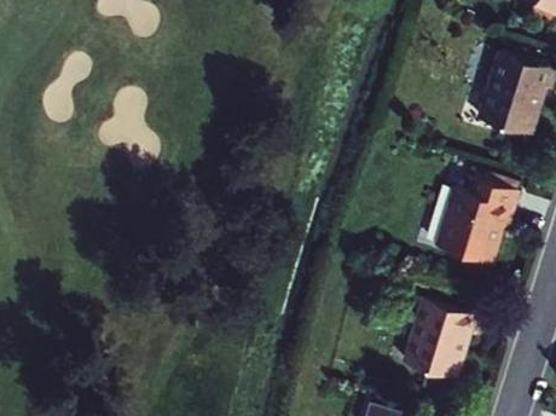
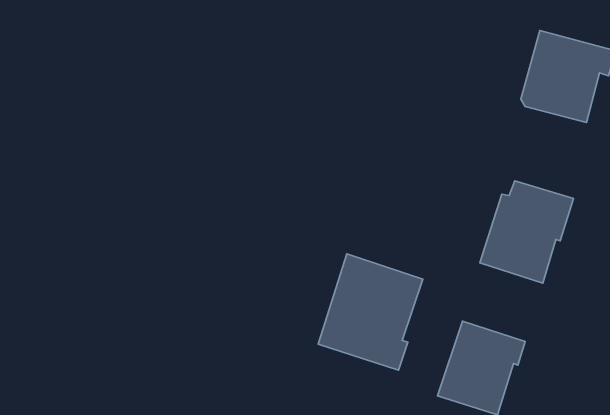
building: none -> [318,254,423,370]

